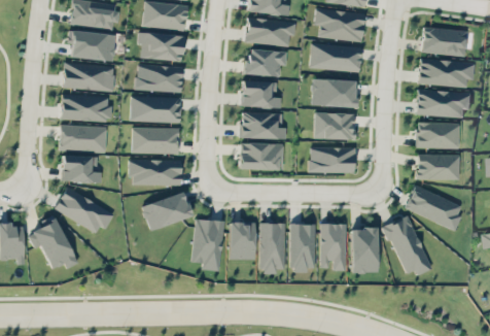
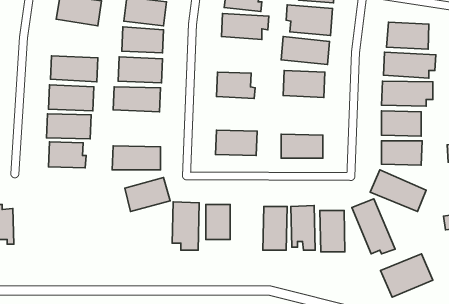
building: [67,30,116,63] -> none
building: [245,51,287,77] -> none
building: [241,112,286,140] -> none
building: [314,113,355,140] -> none
building: [132,128,179,155] -> none
building: [55,188,112,235] -> none
building: [28,216,78,270] -> none
building: [259,224,285,275] -> none
building: none -> [381,254,433,297]

